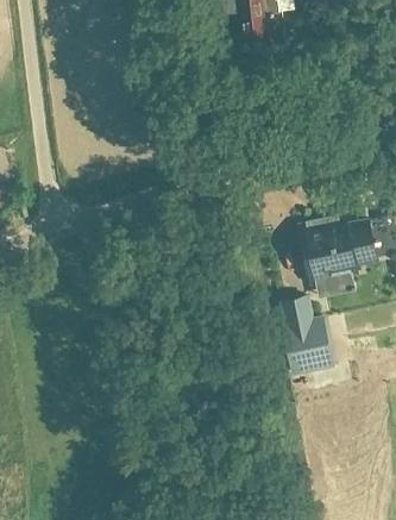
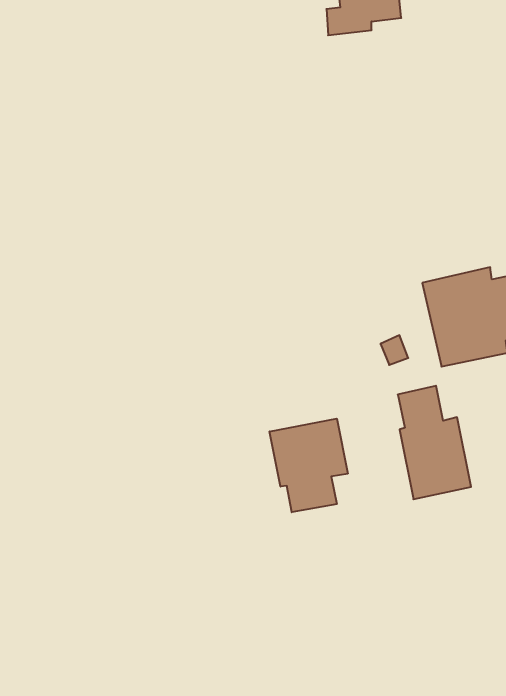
building: none -> [270,419,348,512]

